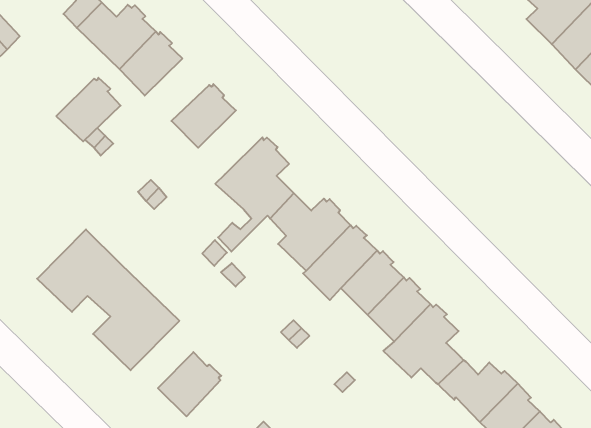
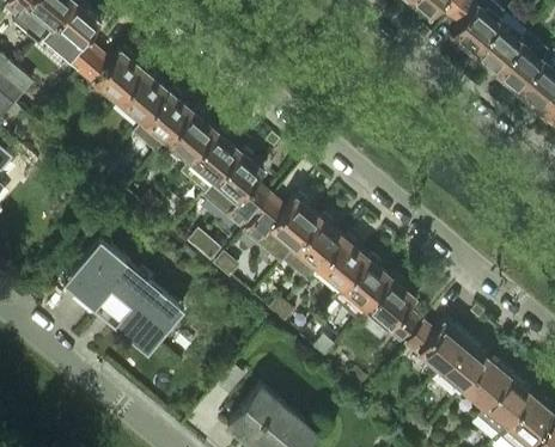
building: [56,78,121,141] -> [140,91,193,145]
building: none -> [188,131,240,185]
building: [158,352,221,416] -> none

